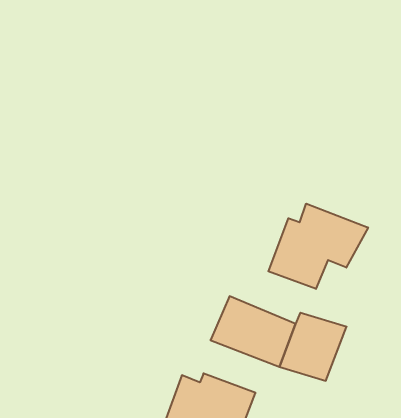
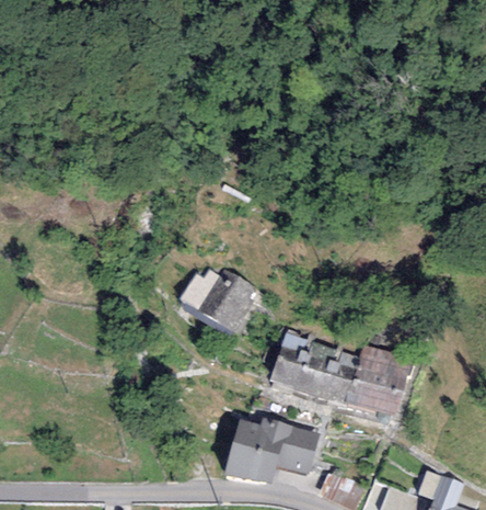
building: [268,204,368,289] -> none
building: none -> [180,270,254,344]

